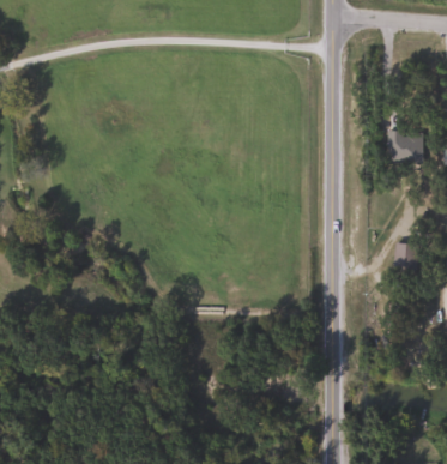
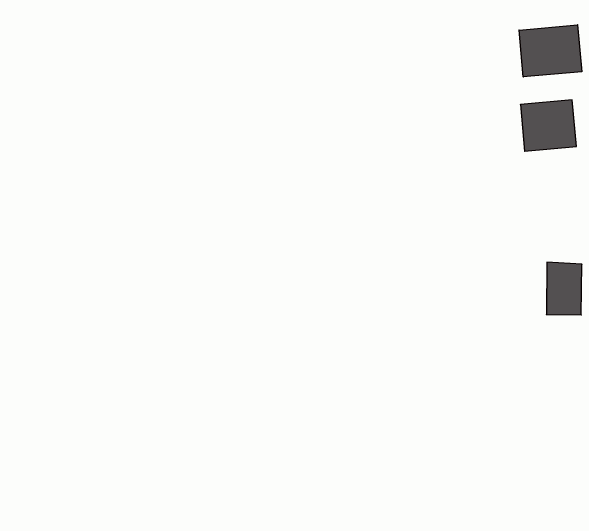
building: none -> [519,25,582,77]

